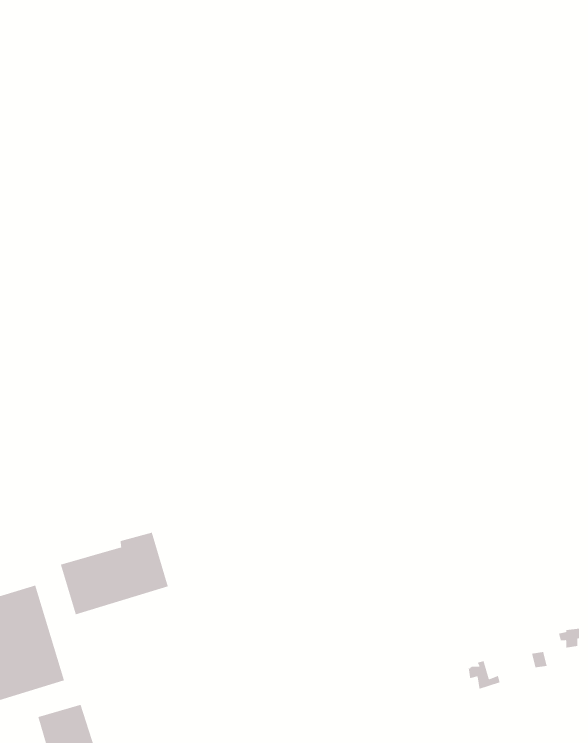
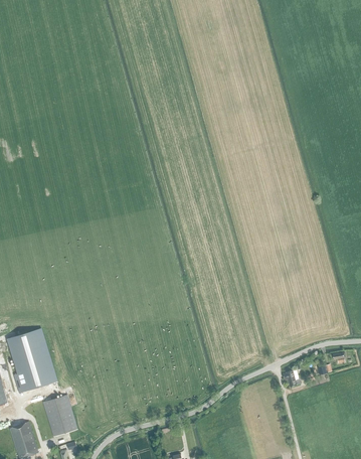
building: [60,532,168,615] -> none

